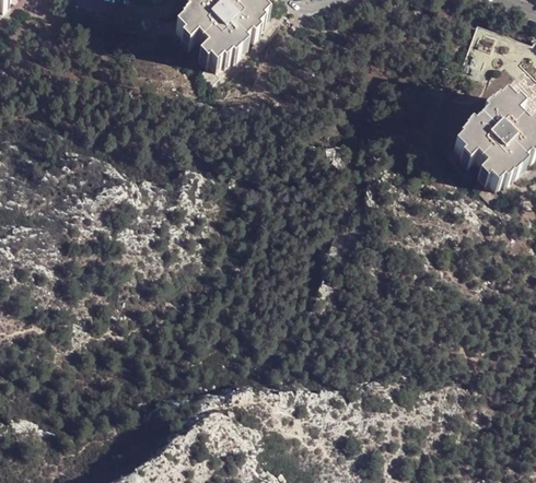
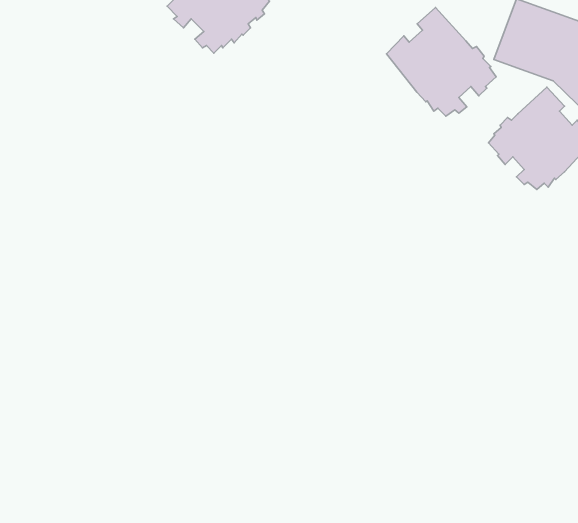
building: none -> [387,7,496,116]

